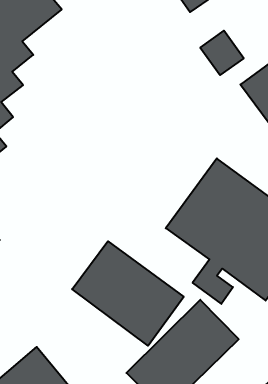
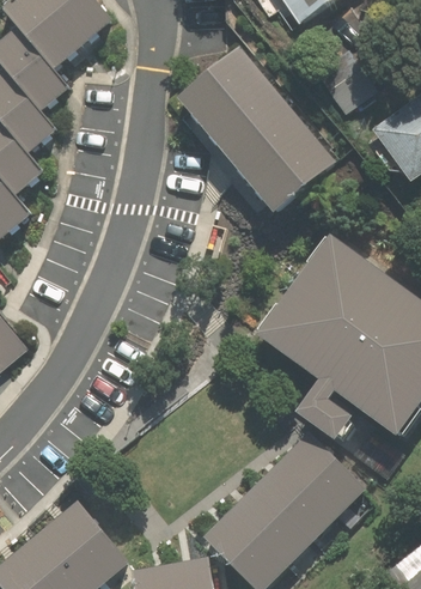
building: none -> [176,47,332,212]
building: [72,241,184,346] -> none

